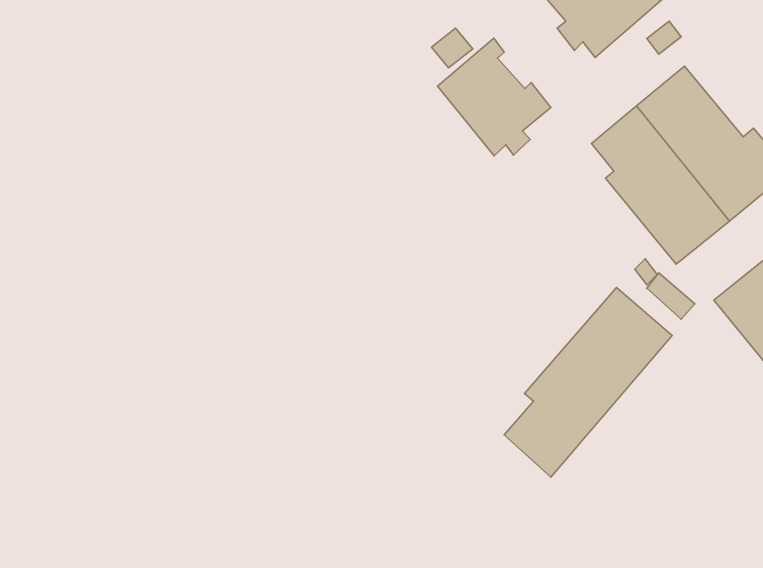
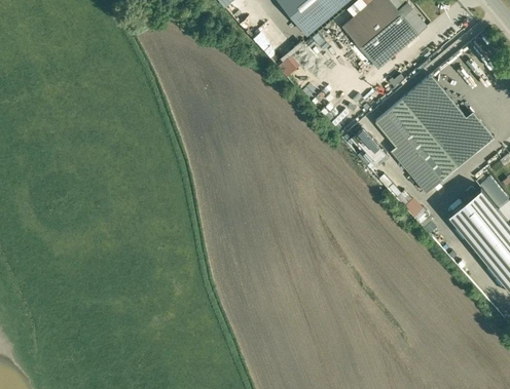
building: [437,38,551,156] -> none
building: [504,288,672,477] -> none

